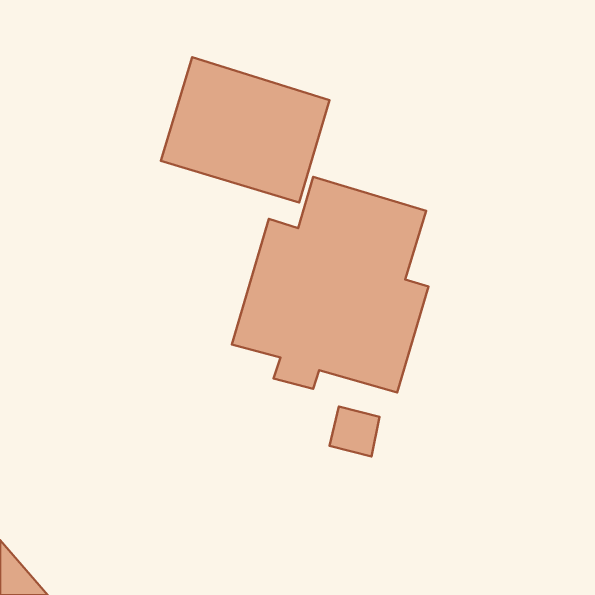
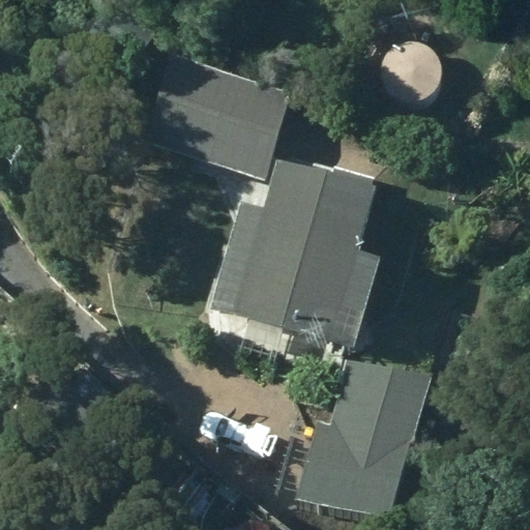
building: none -> [297,357,431,522]

